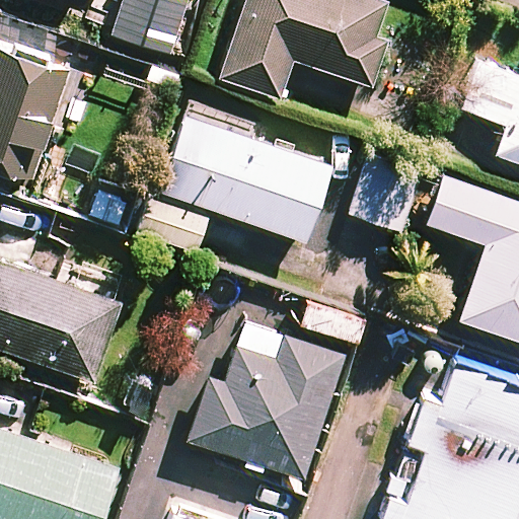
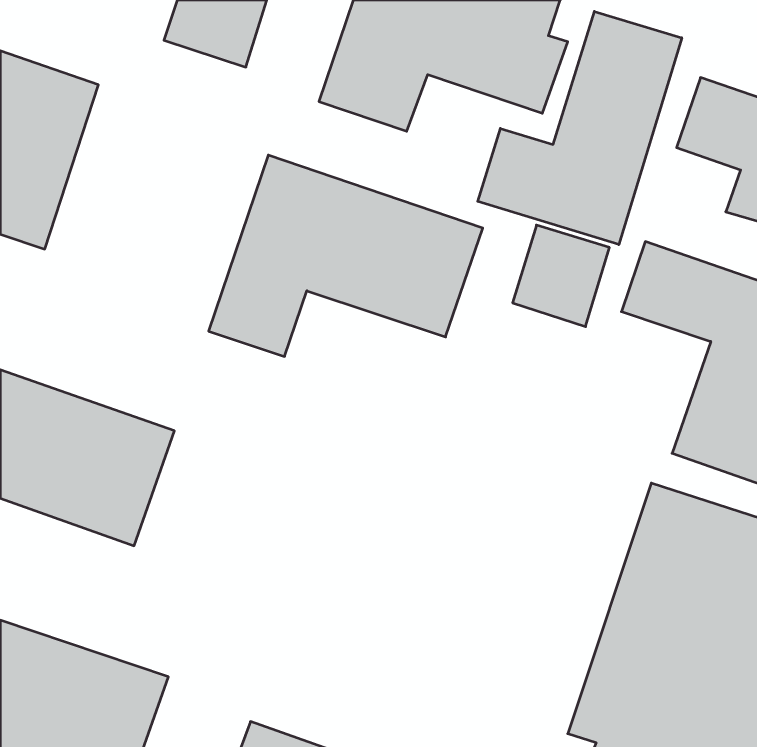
building: none -> [478,11,682,245]
building: [191,321,345,476] -> none

